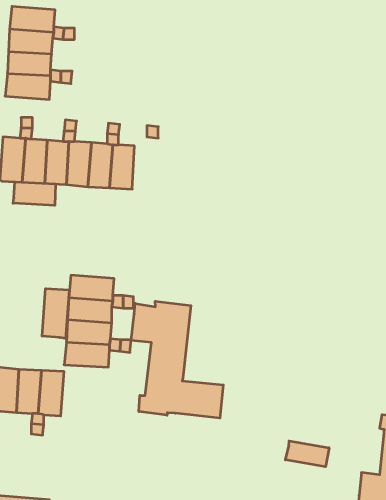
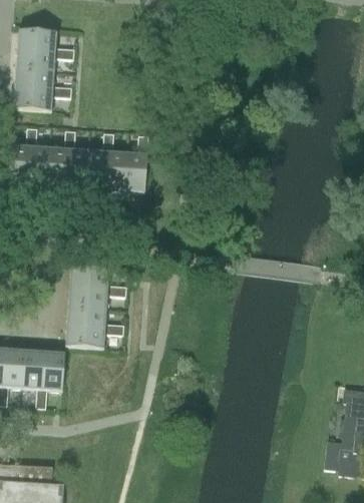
building: none -> [124,152,146,192]
building: [13,182,55,205] -> none
building: [42,289,69,339] -> none
building: [131,301,223,418] -> none
building: [285,441,329,467] -> none

